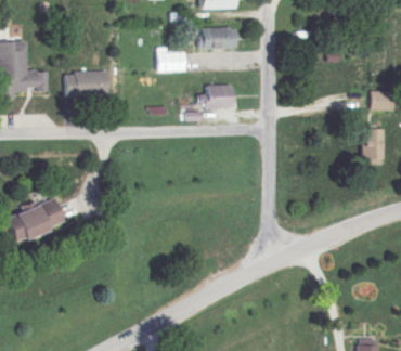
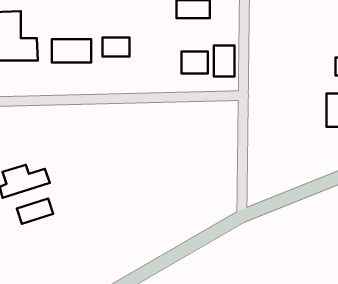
building: [156,51,185,71] -> [102,38,130,57]
building: none -> [214,46,235,76]
building: none -> [17,199,53,224]

